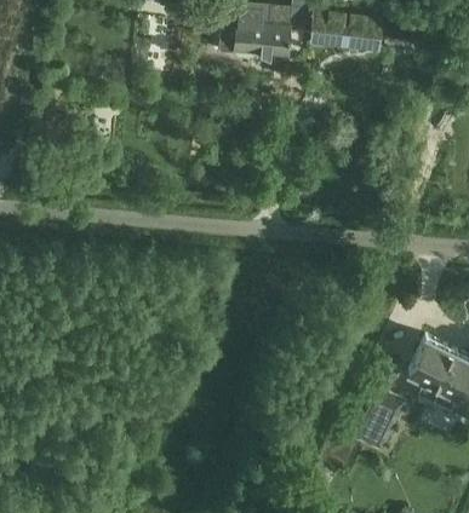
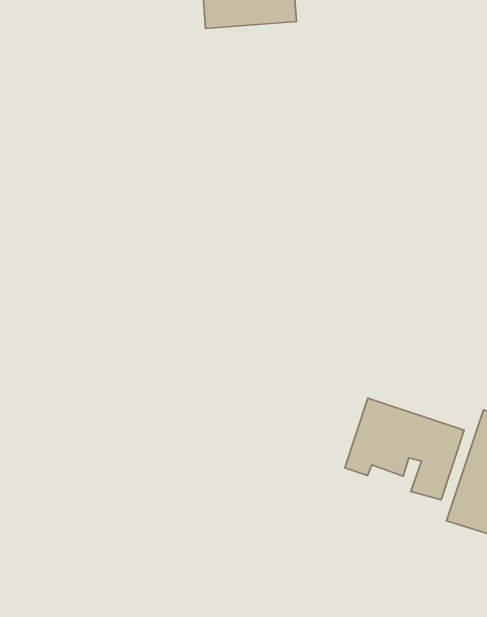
building: none -> [345,398,464,500]

